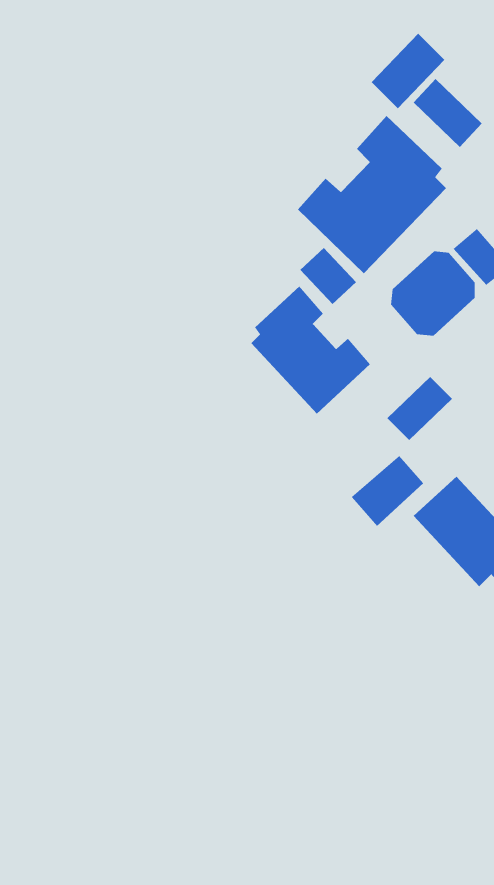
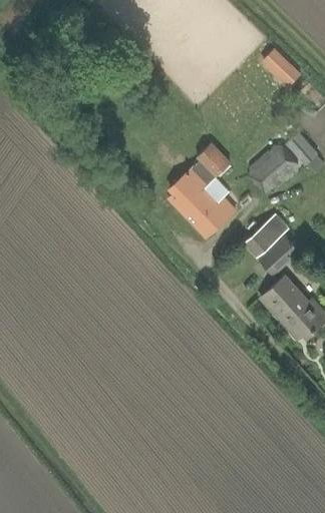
building: [371,33,445,109] -> none
building: [297,115,447,274] -> none
building: [351,455,424,527] -> [258,234,300,276]

